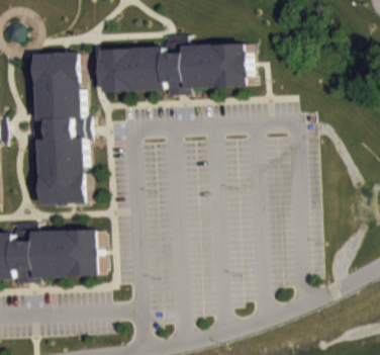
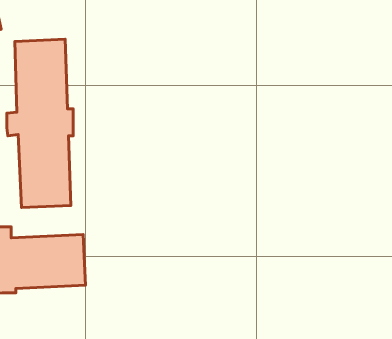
building: [97,35,250,95] -> none

